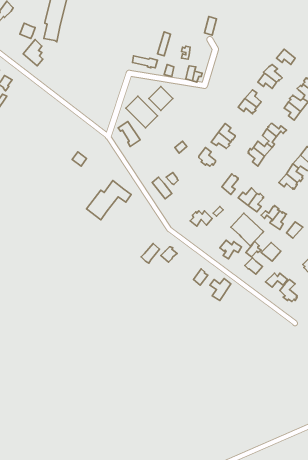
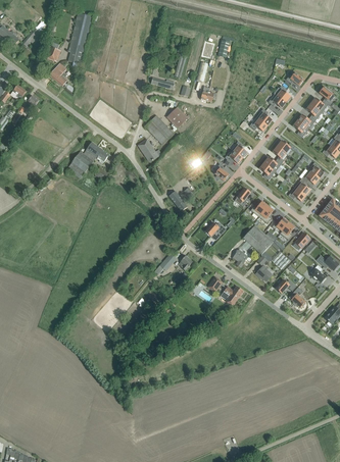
building: [87,180,131,220] -> [67,142,109,178]

